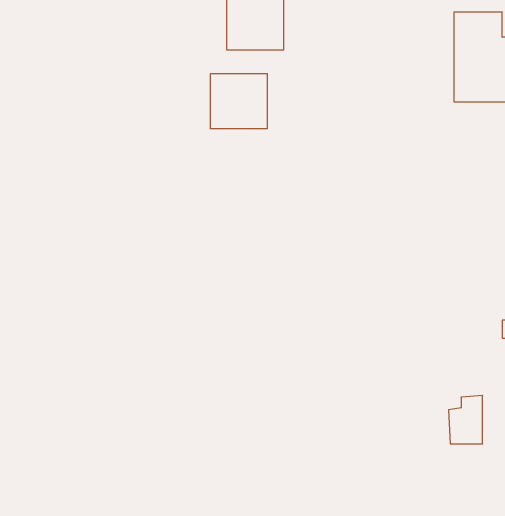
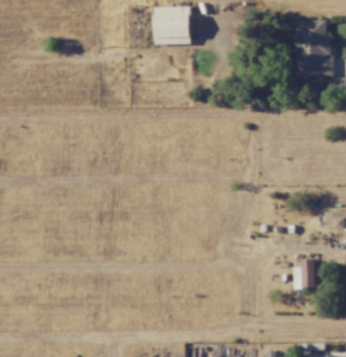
building: [211,74,267,129] -> none

